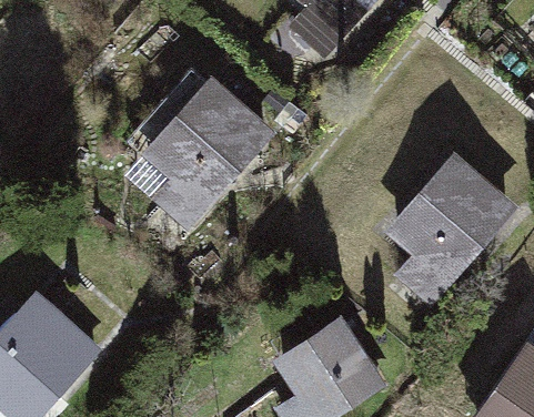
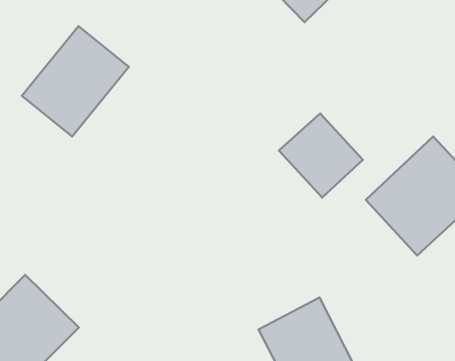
building: [149,84,260,199] -> [22,26,129,136]
building: none -> [279,113,363,197]

